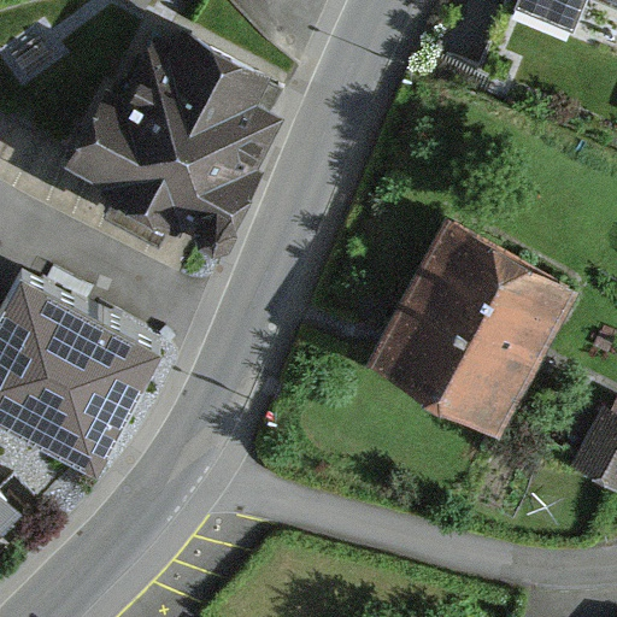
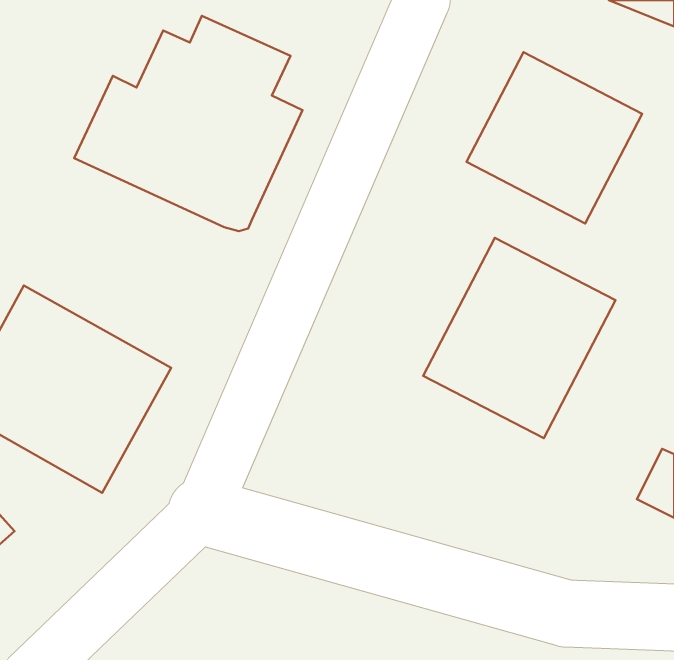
building: none -> [467,52,642,223]

